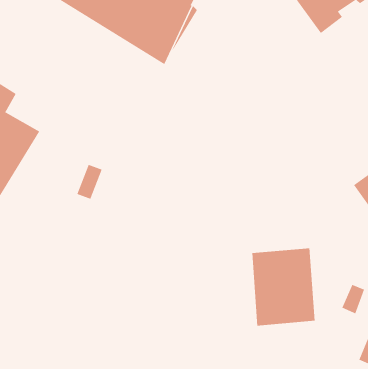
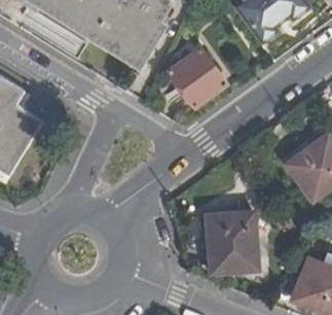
building: none -> [170,44,227,106]

